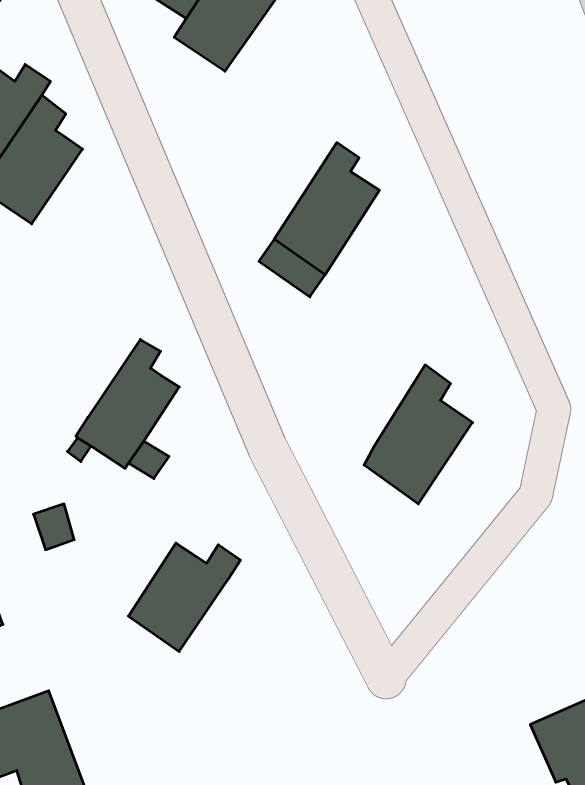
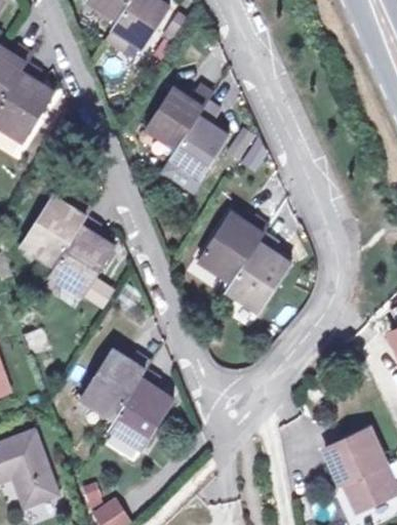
building: none -> [147,80,214,150]
building: none -> [24,194,95,266]
building: none -> [199,213,268,283]
building: none -> [103,363,167,443]

